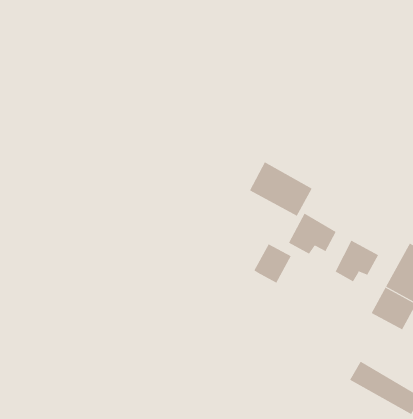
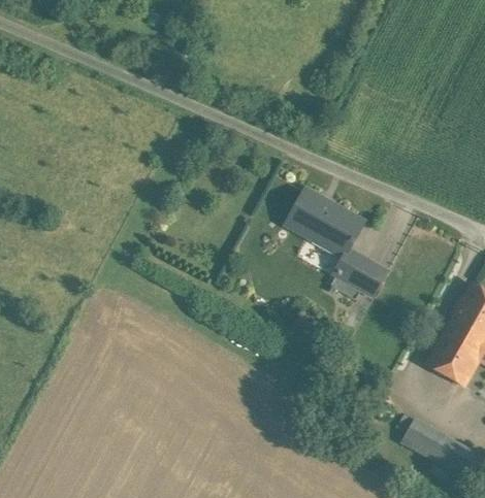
building: [335,240,379,282] -> none
building: [254,244,292,283] -> none

